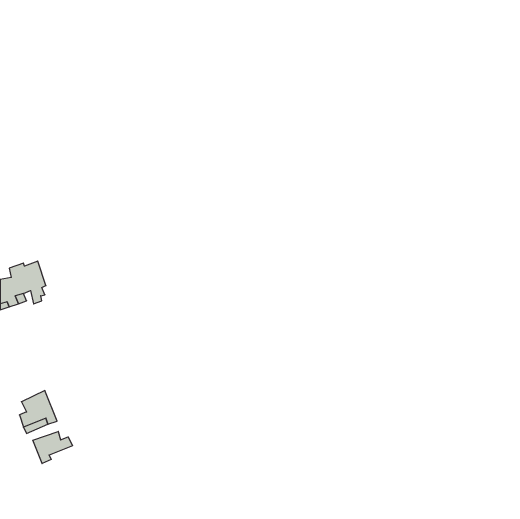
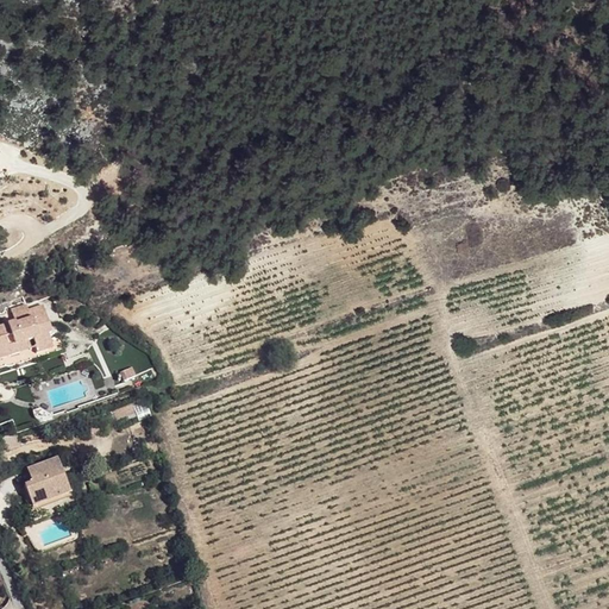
building: [33,431,73,464] -> none

